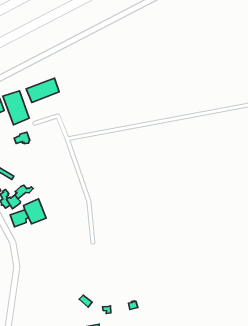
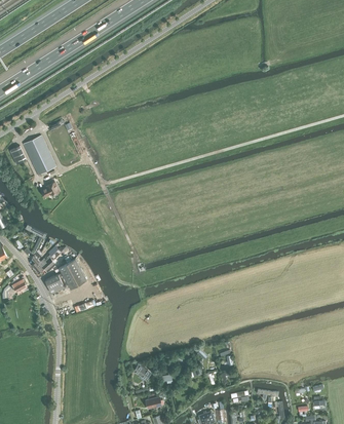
building: [26,78,59,102] -> none

